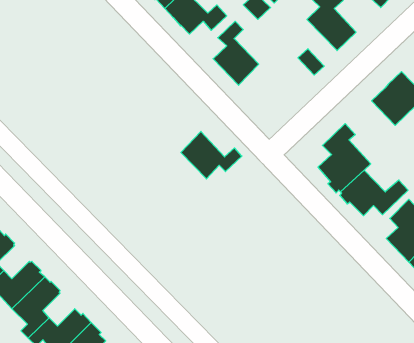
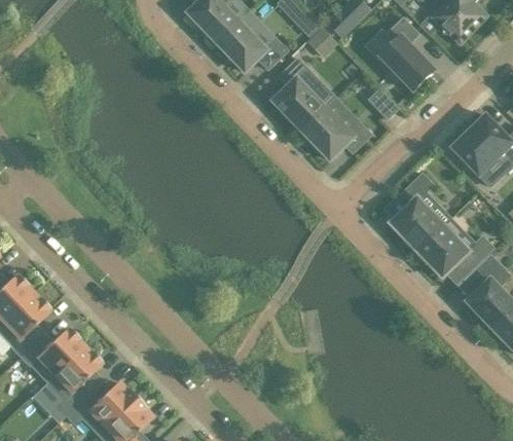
building: [181,131,242,179] -> [302,106,371,159]

